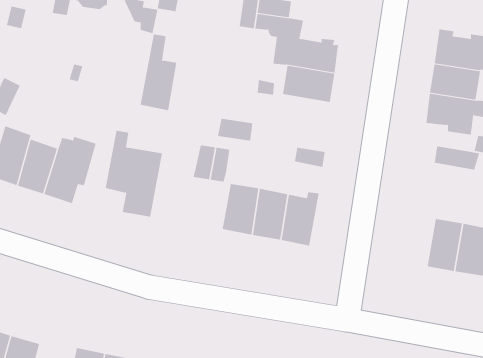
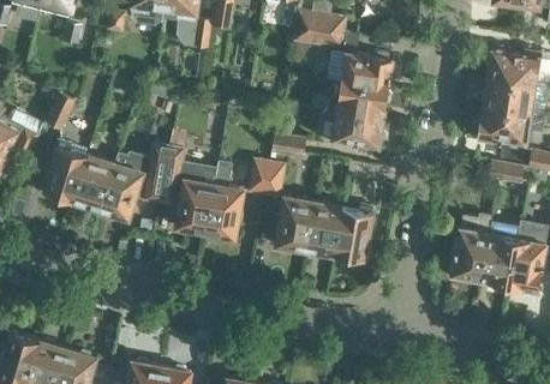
building: [140,34,177,111] -> [205,161,243,238]
building: none -> [330,109,384,152]
building: none -> [447,227,489,281]

